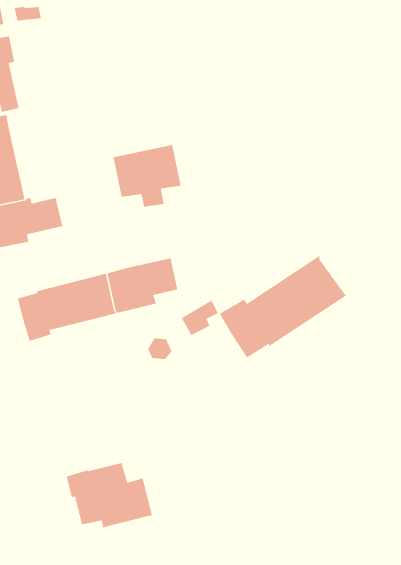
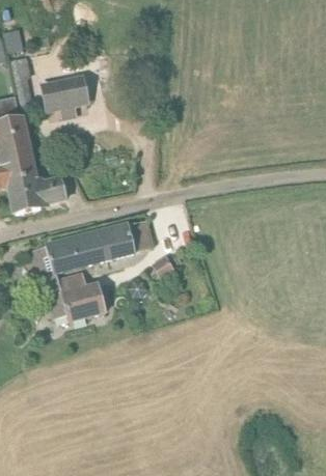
building: [113,144,181,207] -> [38,72,89,118]
building: [219,254,347,358] -> none
building: [66,462,153,528] -> [40,271,105,319]

